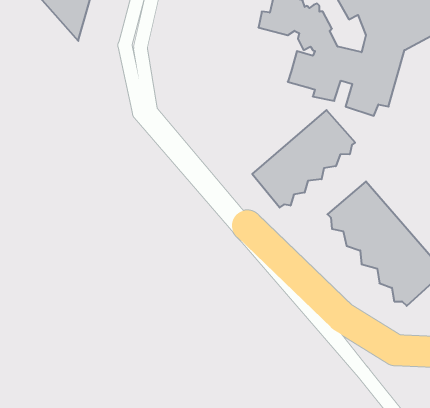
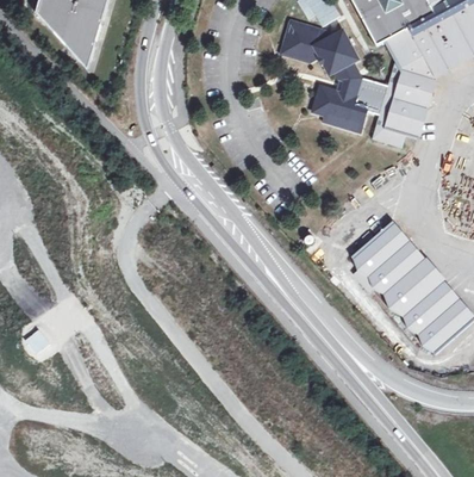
building: [252,110,355,208] -> none

